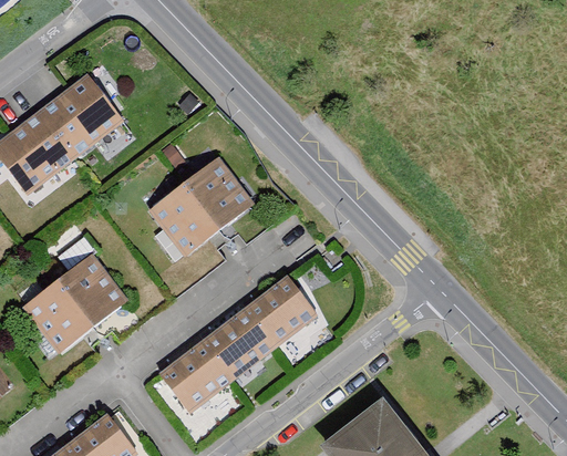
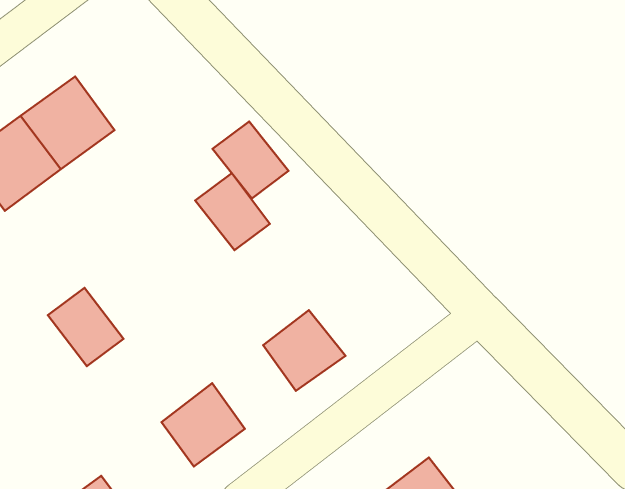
building: [156,184,220,249] -> [213,121,288,198]
building: [29,281,95,350] -> none
building: [202,307,272,377] -> none

